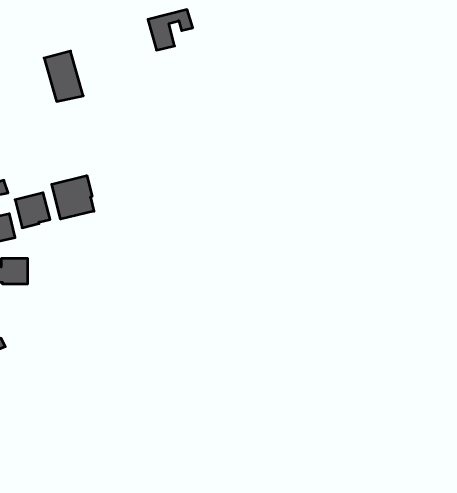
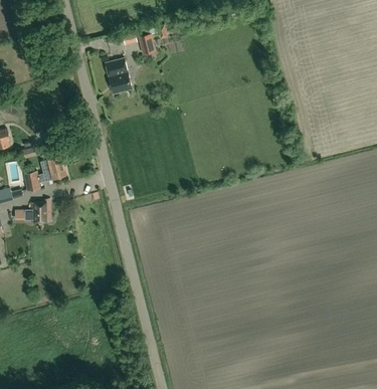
building: [44,51,83,101] -> [104,57,132,93]
building: [52,176,94,219] -> none

